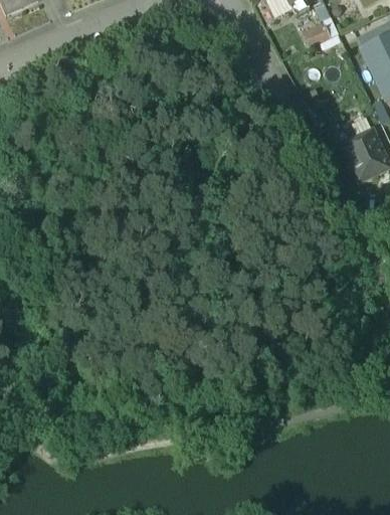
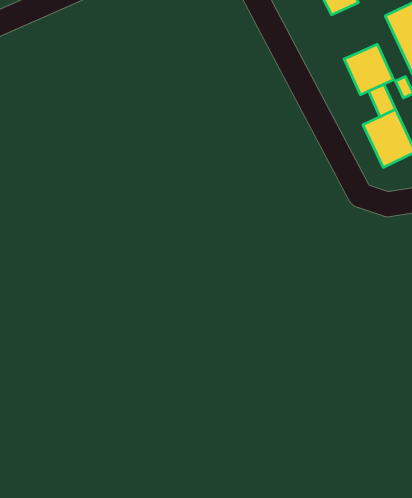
building: none -> [344,44,393,95]

